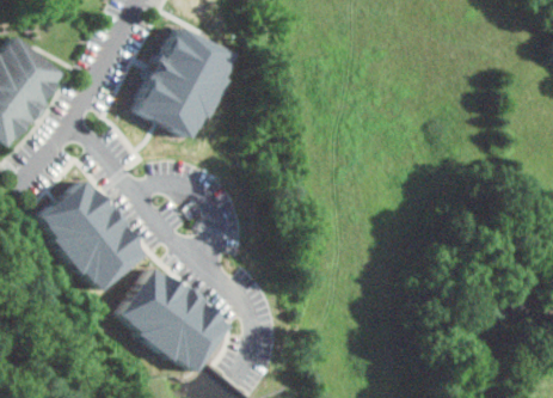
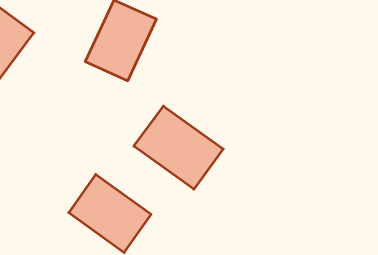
building: none -> [134,106,223,189]
building: [38,180,145,293] -> none

